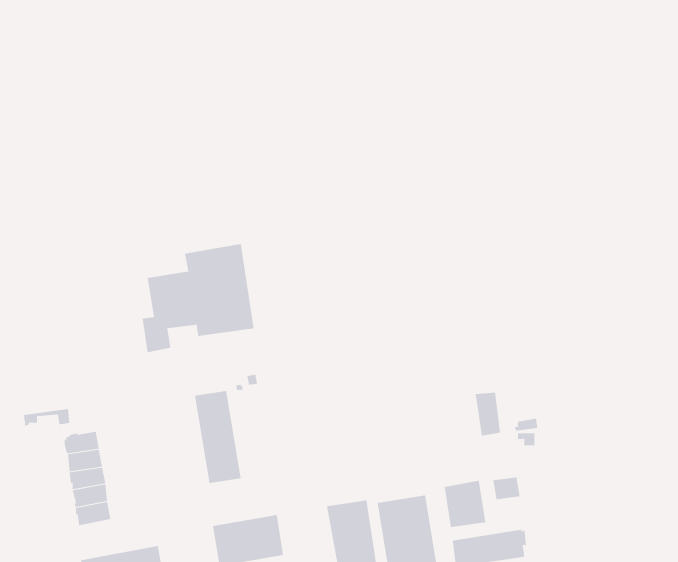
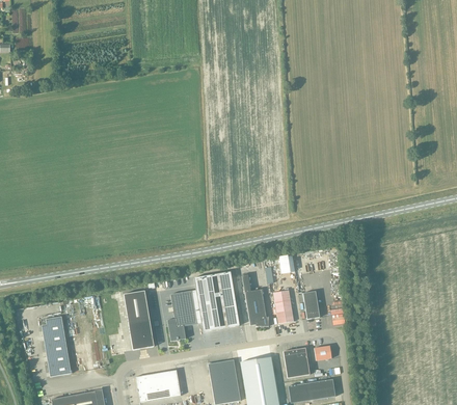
building: [142,244,254,353] -> [168,271,240,341]
building: none -> [244,273,269,325]
building: none -> [274,290,294,323]

